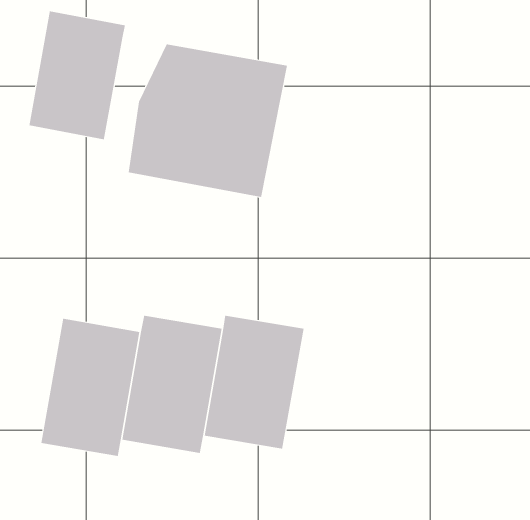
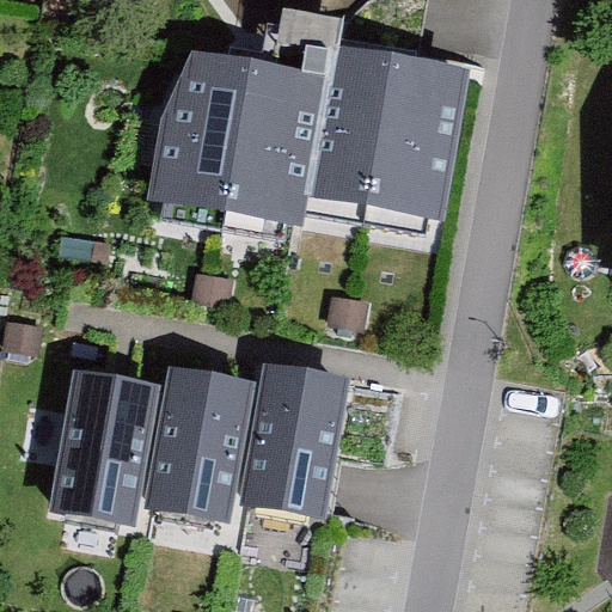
building: [29,10,126,140] -> none
building: none -> [307,44,471,221]

